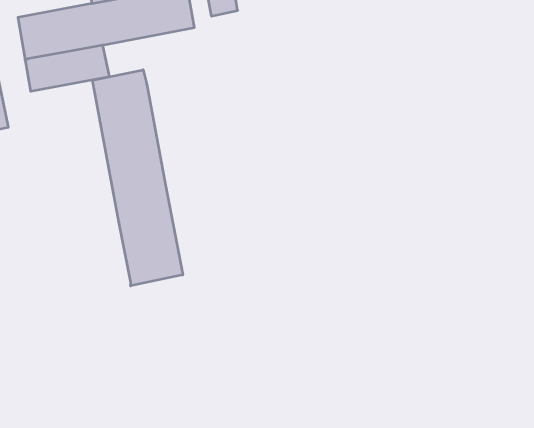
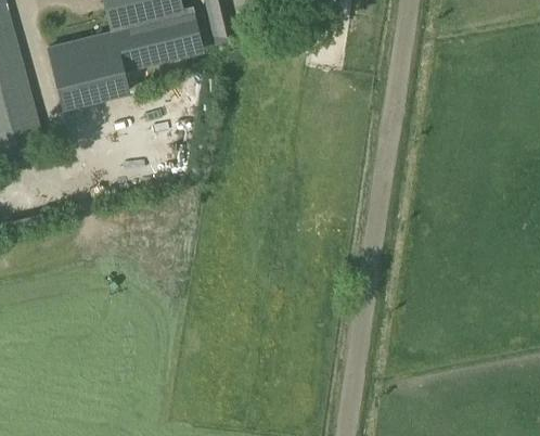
building: [92,70,183,286] -> none

